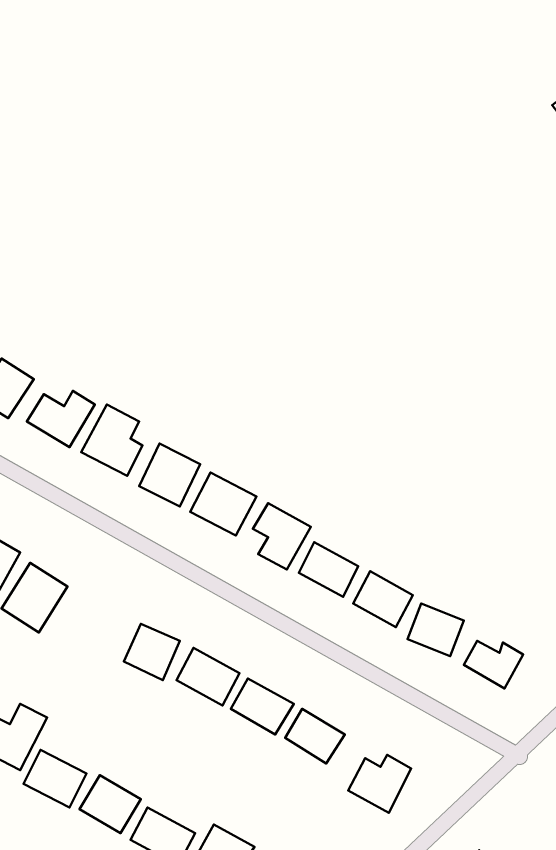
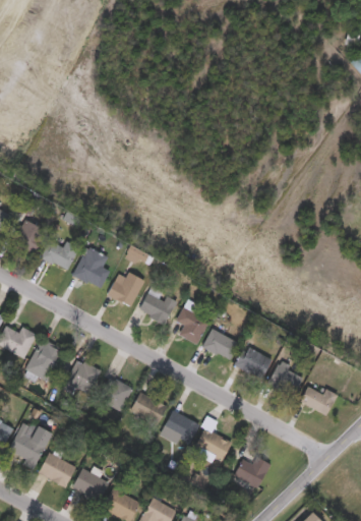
building: none -> [65,359,103,397]

